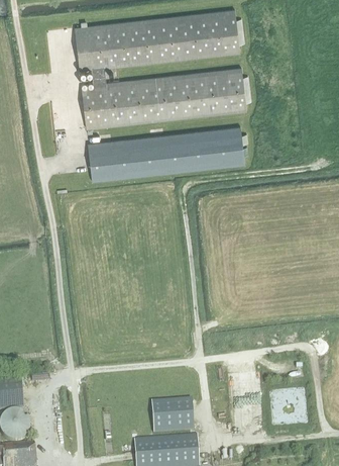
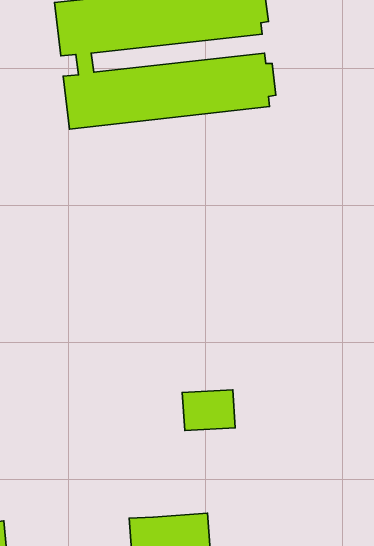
building: [88,127,248,182] -> none
building: [150,400,193,433] -> [182,390,235,430]

